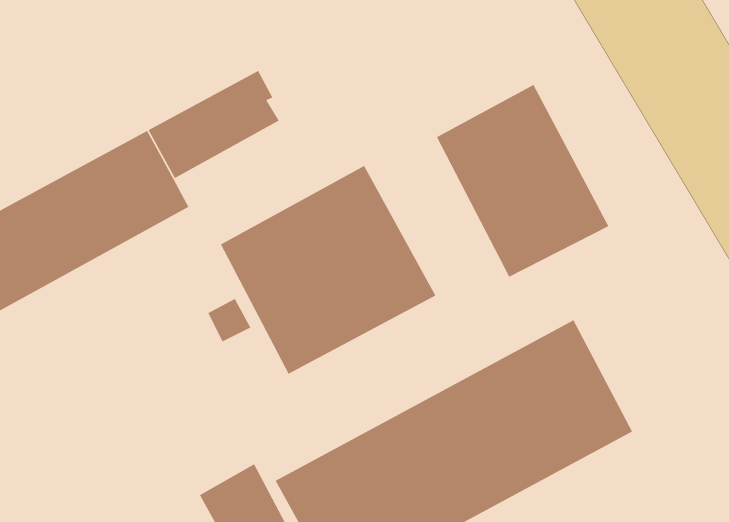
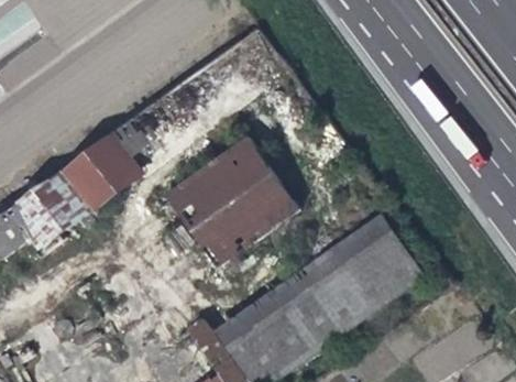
building: [436,84,610,278] -> none

